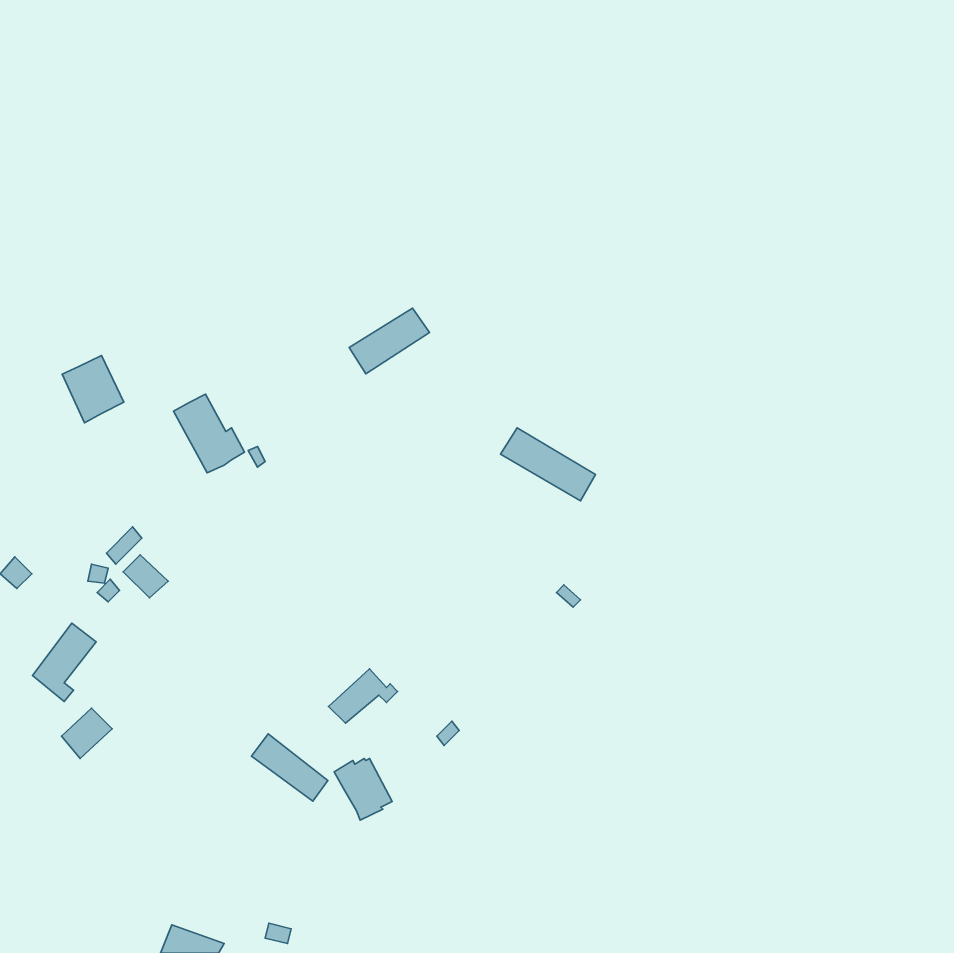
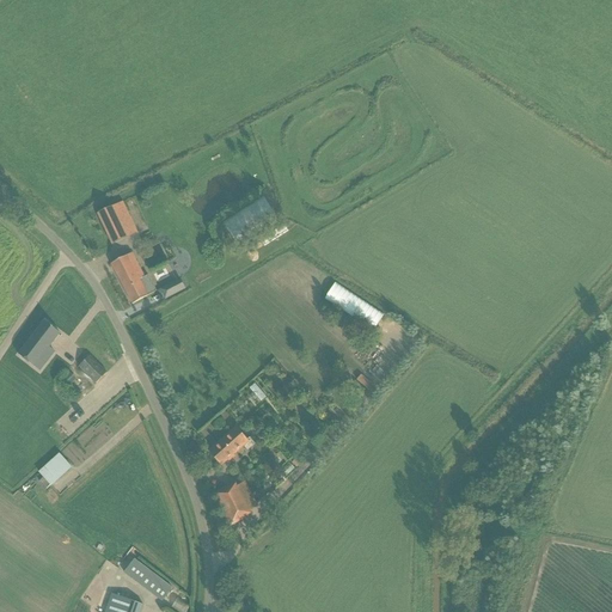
building: [62,355,124,423] -> [98,201,137,244]
building: [33,623,96,702] -> [19,320,60,371]
building: [251,734,328,801] -> [123,557,172,600]

